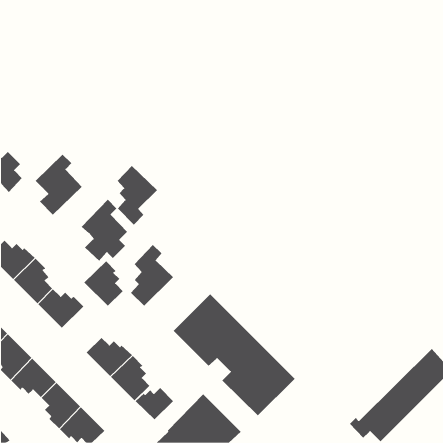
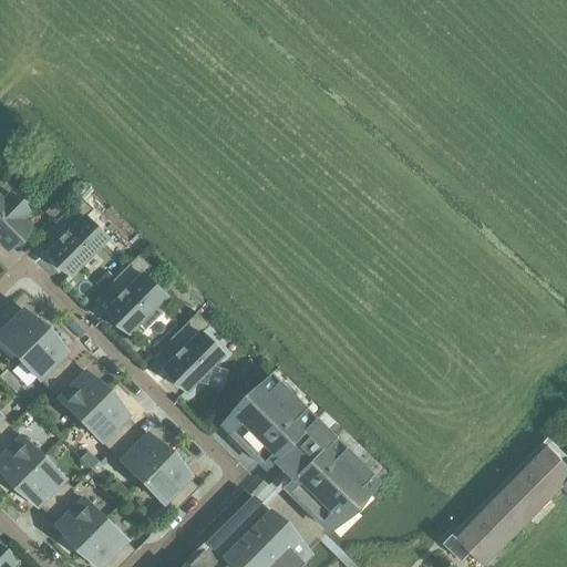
building: [117,165,158,225] -> none
building: [84,261,124,307] -> [80,391,131,450]
building: [135,387,174,420] -> none

